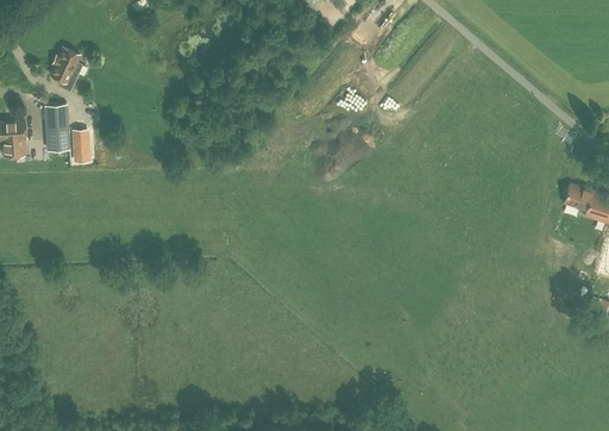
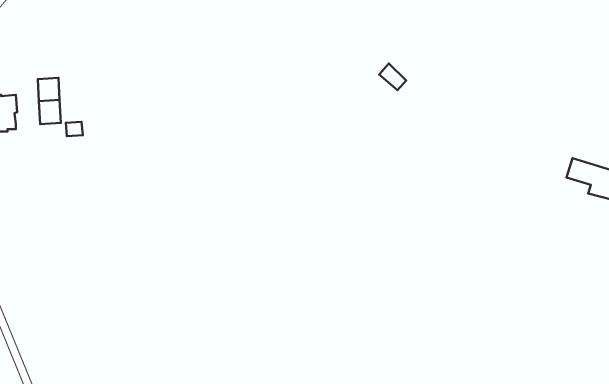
building: [50,45,80,89] -> none

